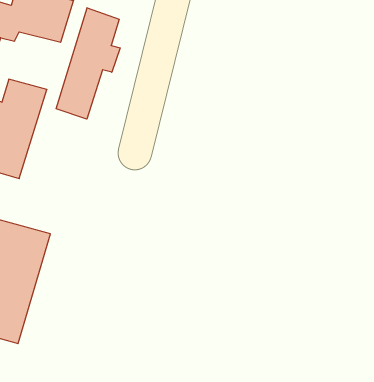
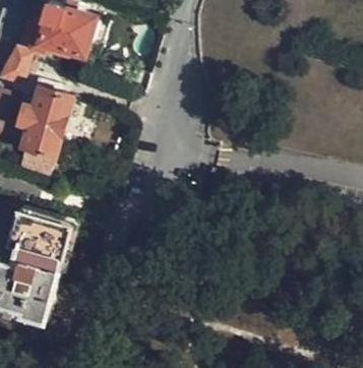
building: [56,8,120,119] -> none

